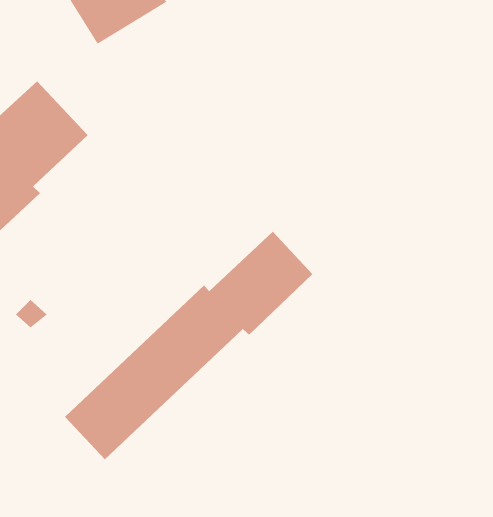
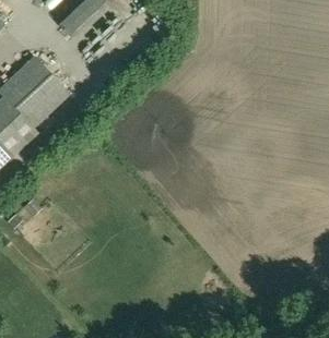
building: [64,231,313,460] -> none

